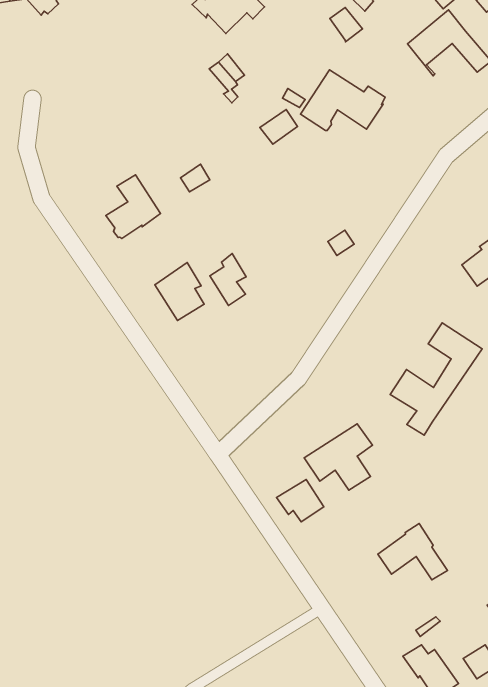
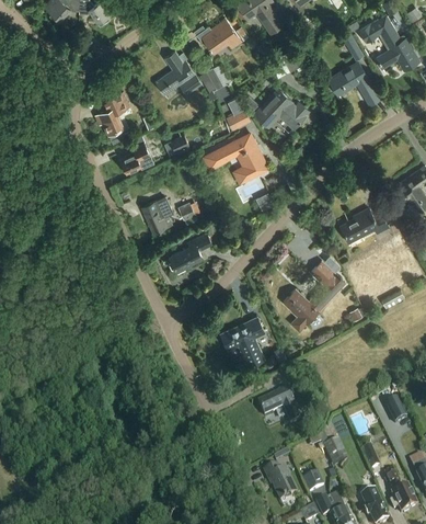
building: none -> [156,50,202,94]
building: none -> [99,93,129,144]
building: none -> [205,134,267,183]
building: none -> [169,233,211,273]
building: [277,480,324,522] -> none

